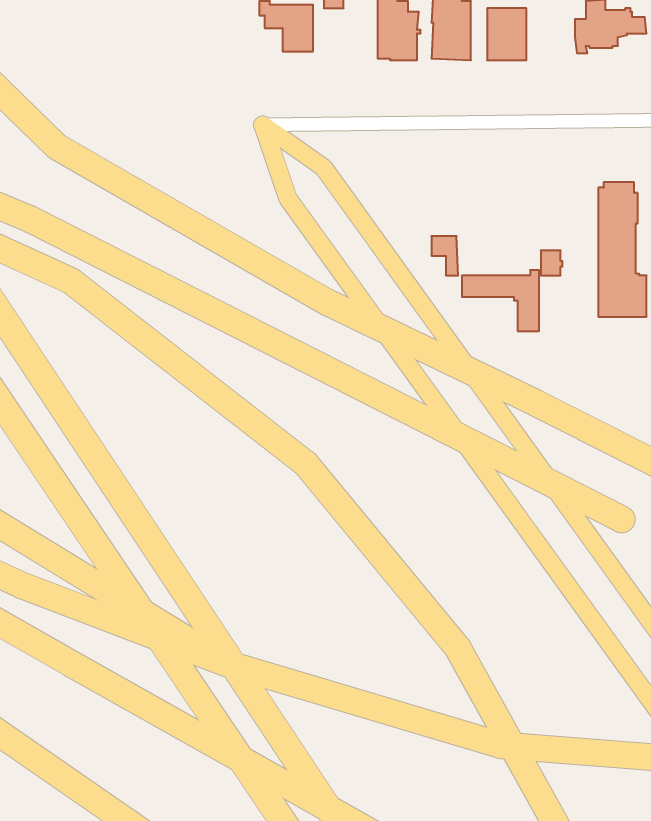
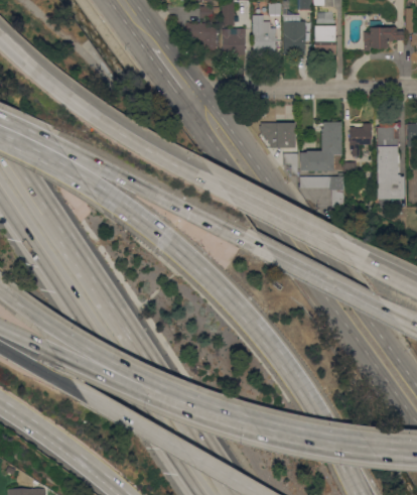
building: none -> [222,29,246,56]
building: none -> [299,122,341,171]
building: none -> [260,123,295,148]
building: none -> [350,124,371,156]

